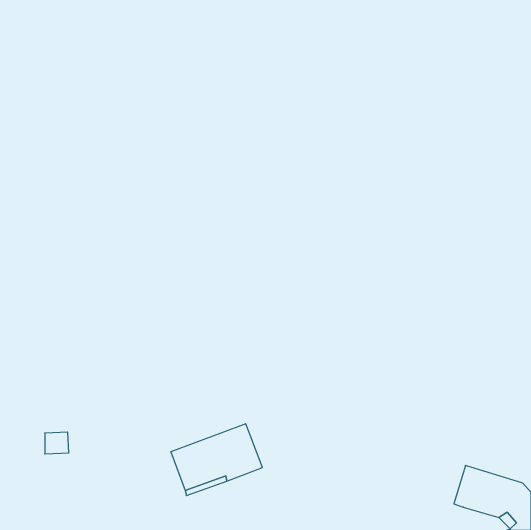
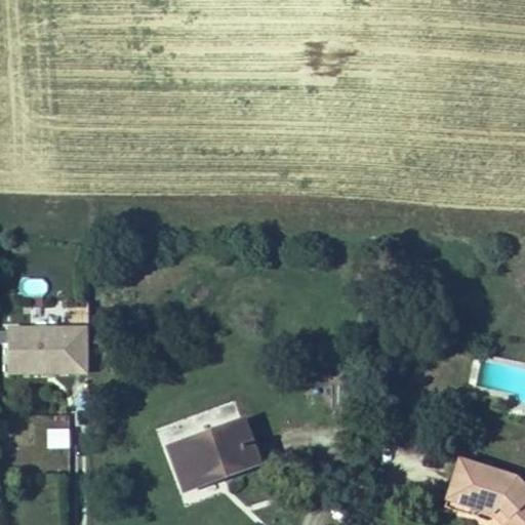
building: none -> [9,328,90,373]

